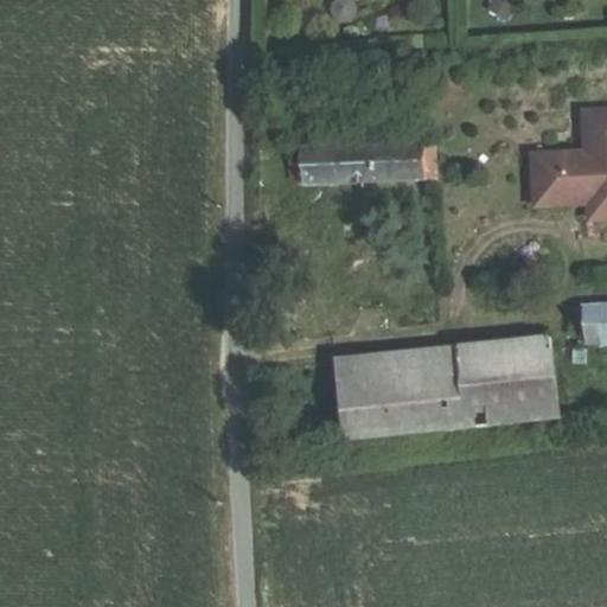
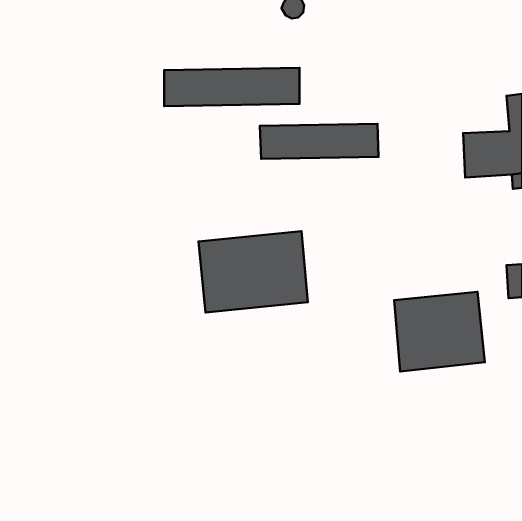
building: none -> [164,68,299,106]
building: [334,345,460,439] -> [198,231,308,313]

